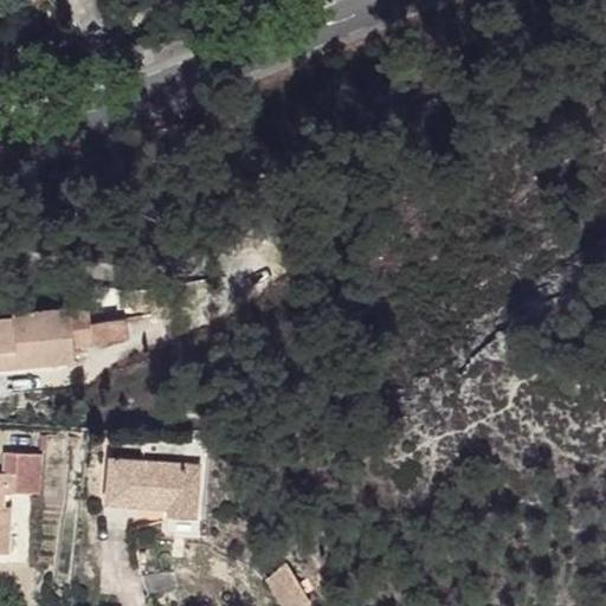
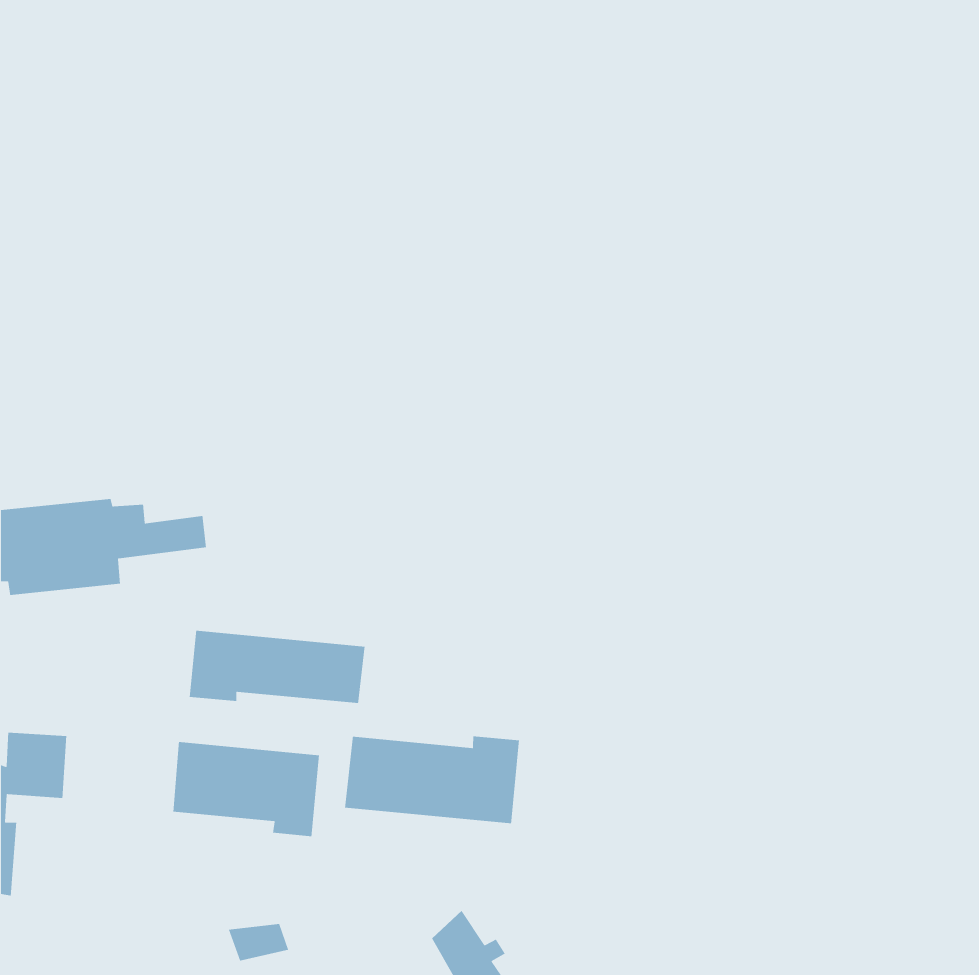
building: none -> [189,630,365,704]
building: none -> [344,735,520,824]

